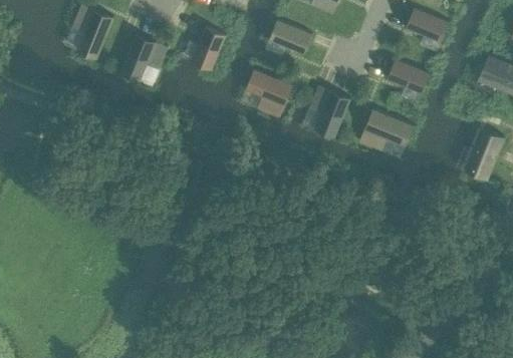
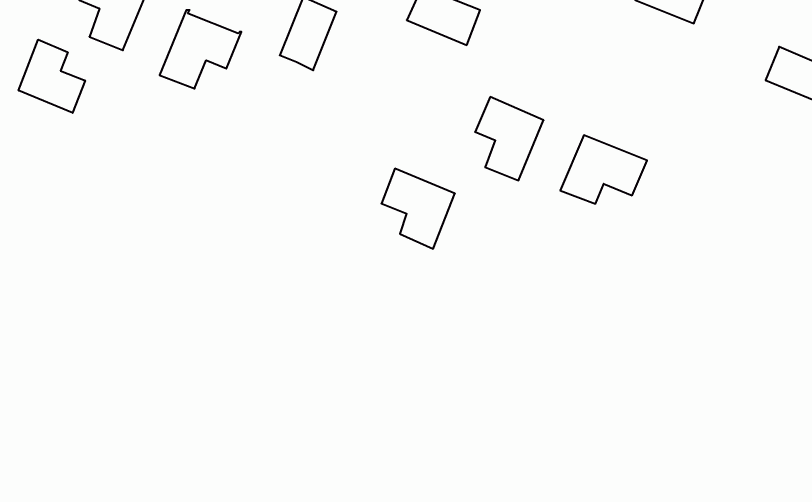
building: none -> [19,40,85,113]
building: [386,60,429,94] -> none
building: [246,70,290,118] -> [381,169,455,249]
building: [468,131,503,176] -> none

